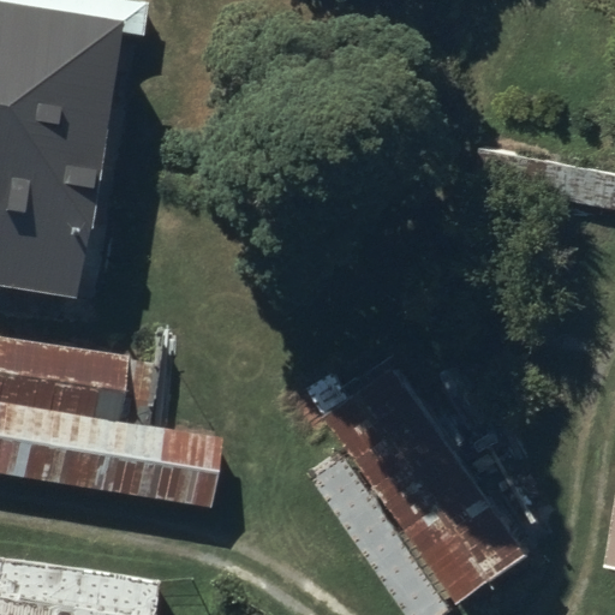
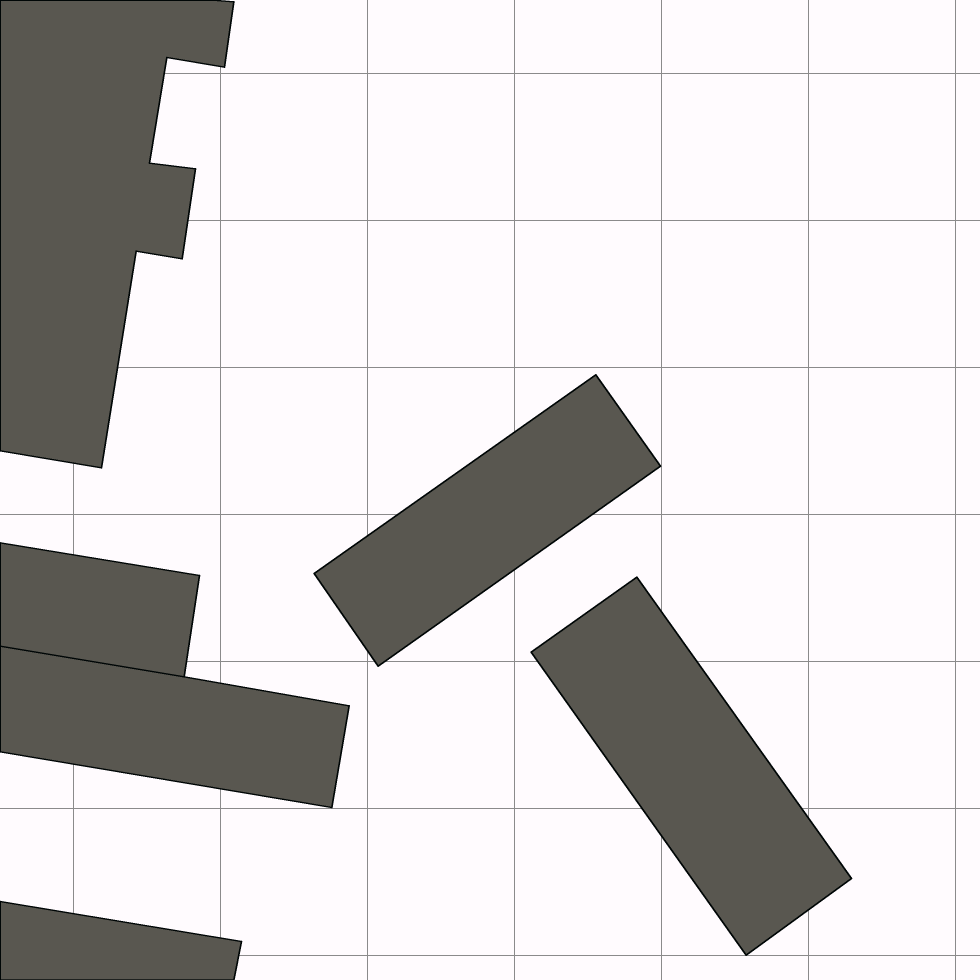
building: none -> [314,375,660,666]

